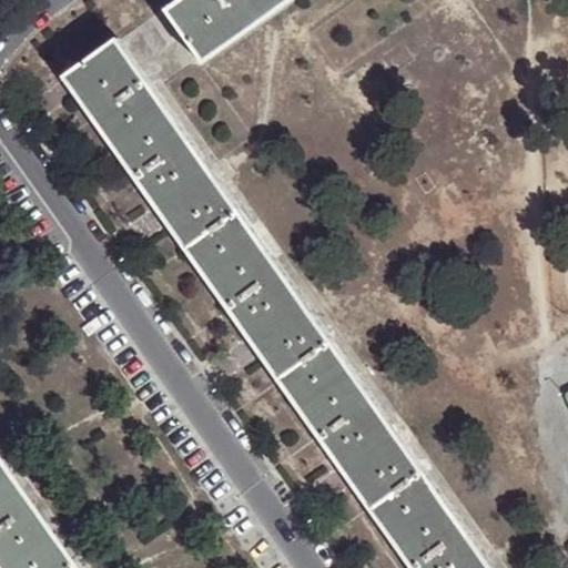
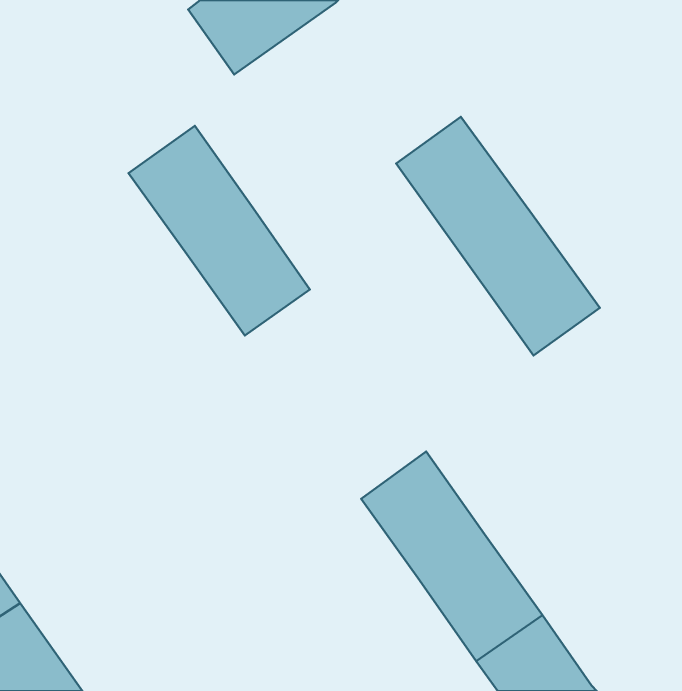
building: [59,37,160,142] -> none
building: none -> [396,117,600,355]
building: [201,237,349,409] -> none

